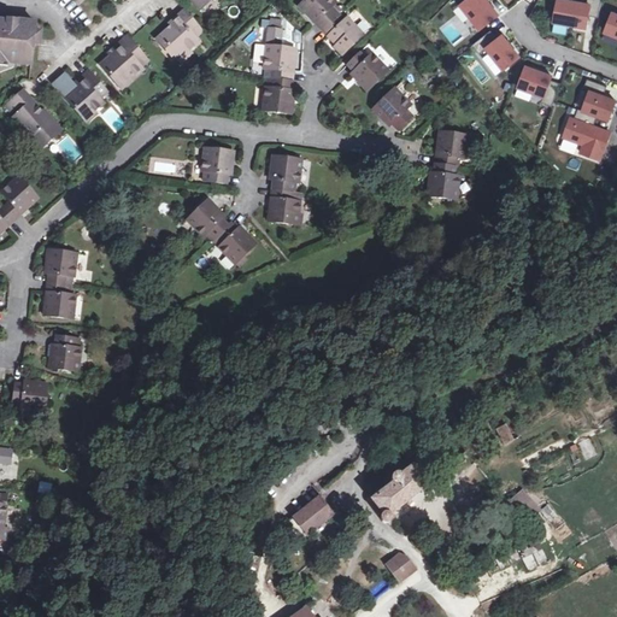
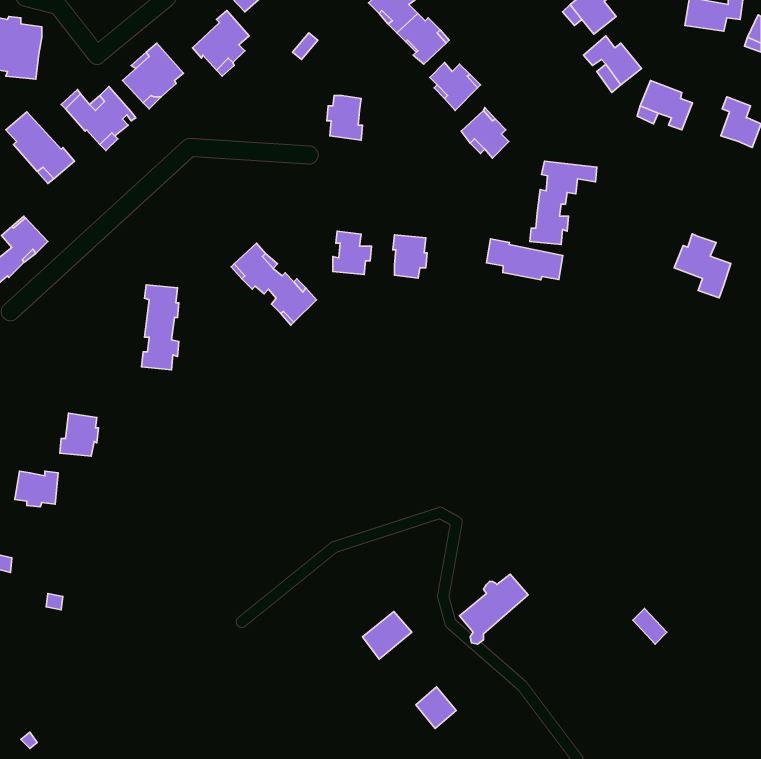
building: [263,27,294,80] -> none
building: [563,107,609,159] -> [674,234,731,298]
building: [202,147,234,182] -> none
building: [271,154,299,189] -> [393,235,427,278]
building: none -> [486,239,563,280]
building: [45,248,75,317] -> [142,285,179,370]
building: [384,550,417,583] -> [416,687,456,729]

